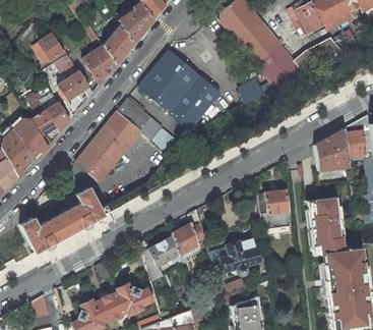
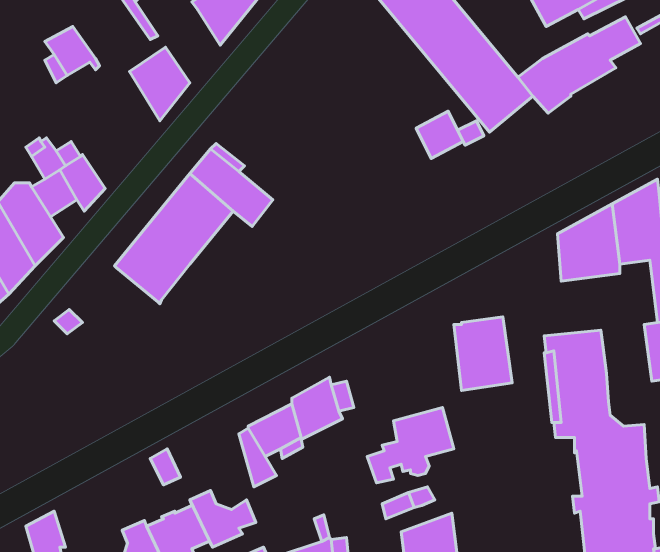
building: [104,23,133,63] -> none
building: [138,50,221,129] -> none
building: [55,54,94,100] -> none
building: [21,187,104,252] -> none

